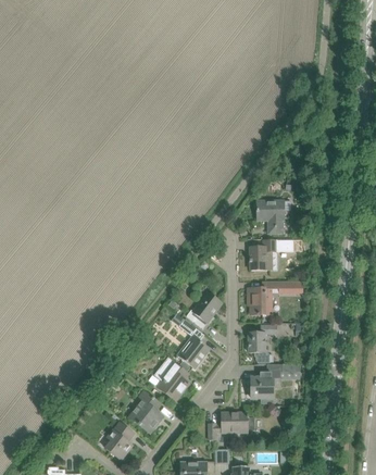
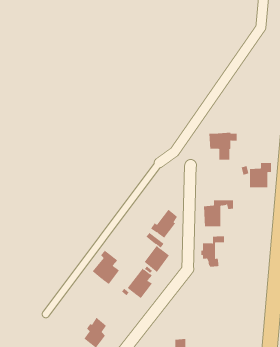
building: [250,239,277,270] -> [249,163,272,188]
building: [251,370,280,402] -> none
building: [129,390,163,433] -> [92,250,120,285]
building: [209,411,254,439] -> none

